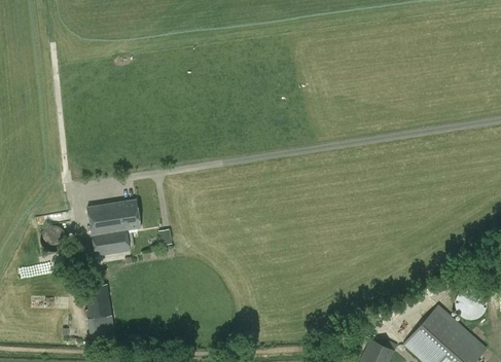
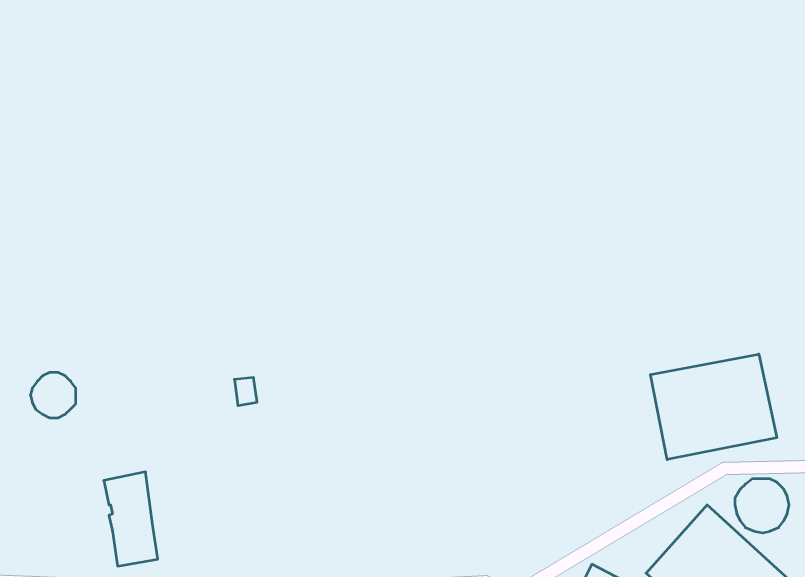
building: [87,198,140,256] -> none
building: none -> [650,354,777,460]

